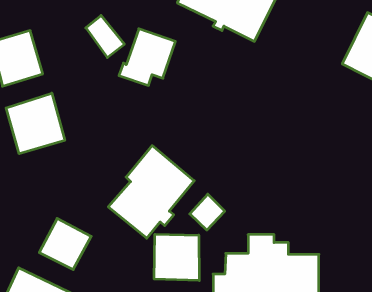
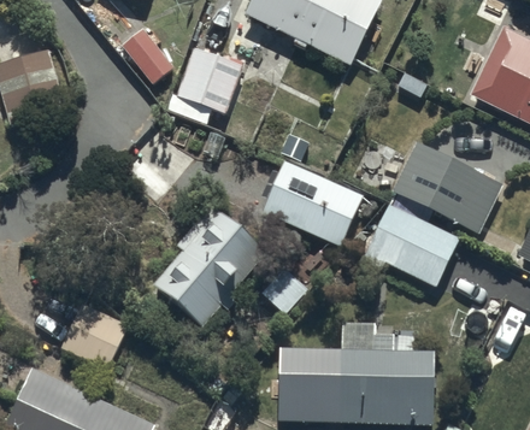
building: [6,93,65,154] -> none
building: none -> [363,141,501,285]
building: none -> [260,160,363,243]
building: [154,234,199,281] -> none

